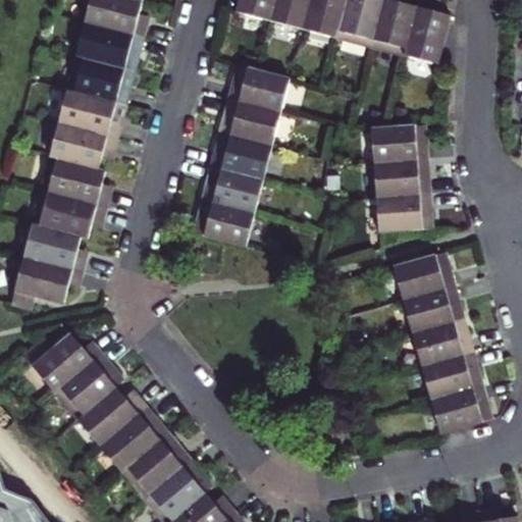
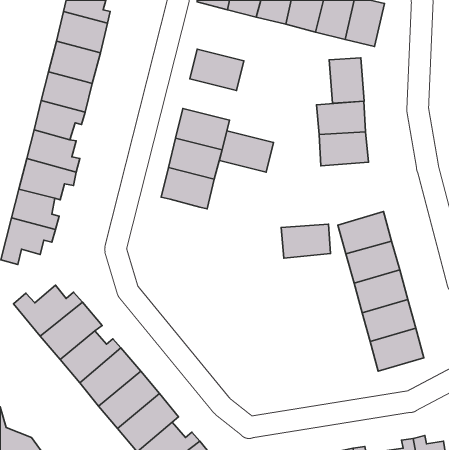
building: none -> [329,58,364,103]
building: [218,99,279,146] -> [220,131,273,172]
building: [375,194,431,232] -> [281,224,330,258]

